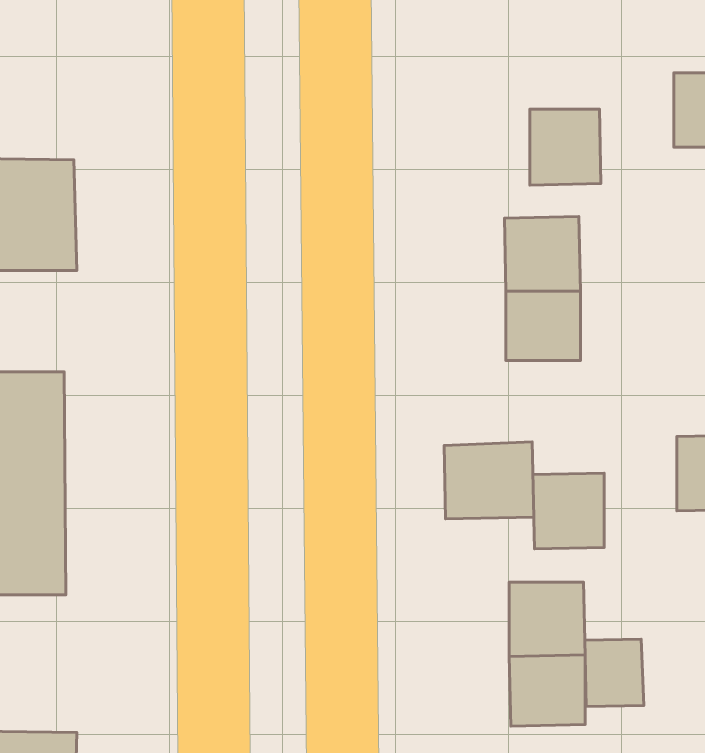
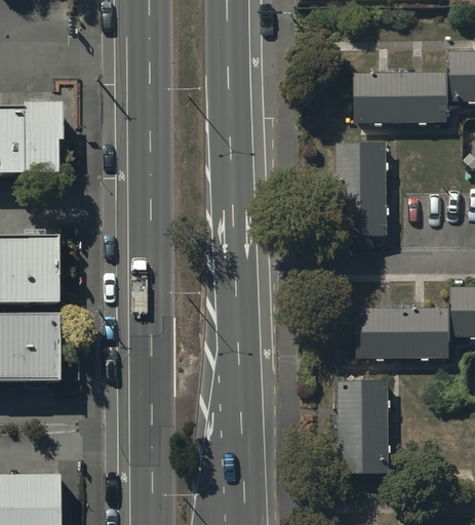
building: none -> [400,73,448,121]
building: [444,442,534,519] -> none
building: none -> [403,309,451,357]
building: [585,639,644,707] -> none

